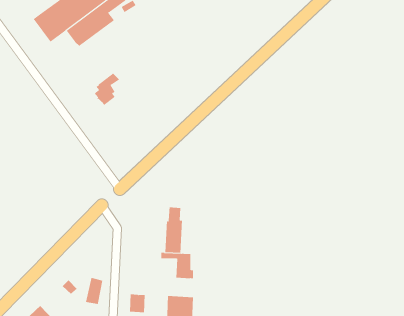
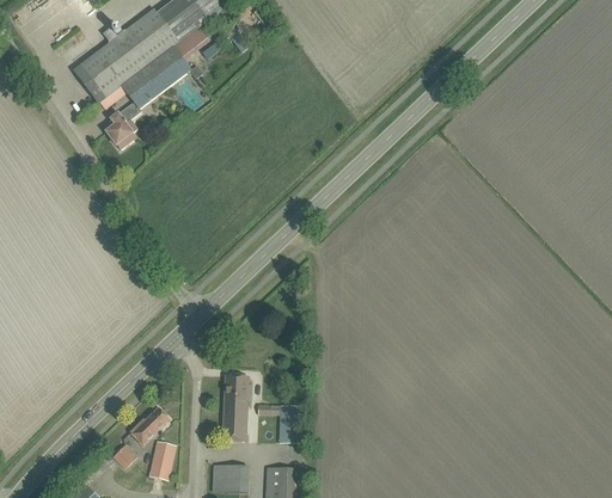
building: [94,73,120,106] -> [105,100,142,148]
building: [165,207,183,253] -> [221,374,247,441]
building: none -> [129,407,169,444]

